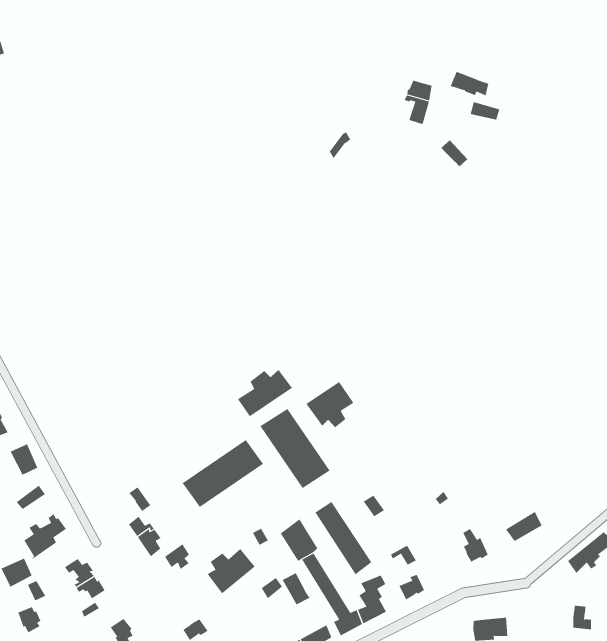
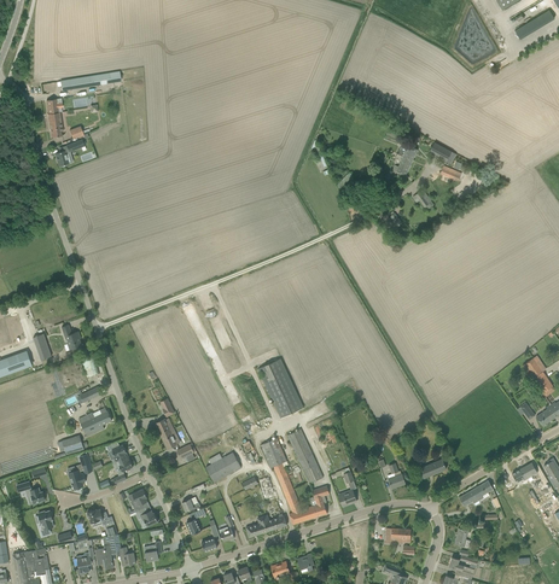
building: [237,369,293,417] -> none
building: [306,381,354,428] -> none
building: [182,439,264,508] -> none

